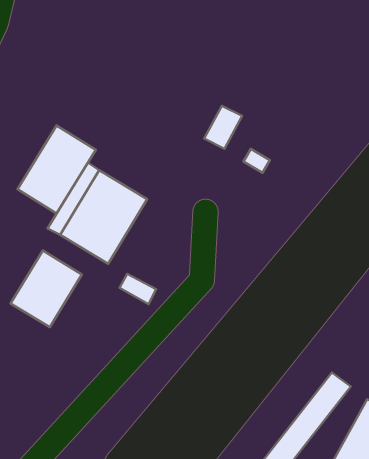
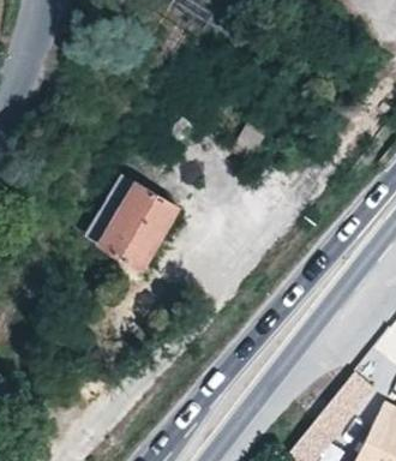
building: [17,126,96,213] -> none
building: [11,250,82,327] -> none

